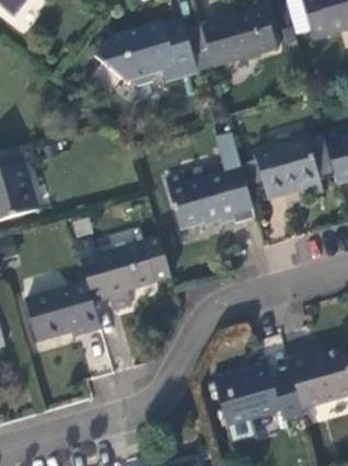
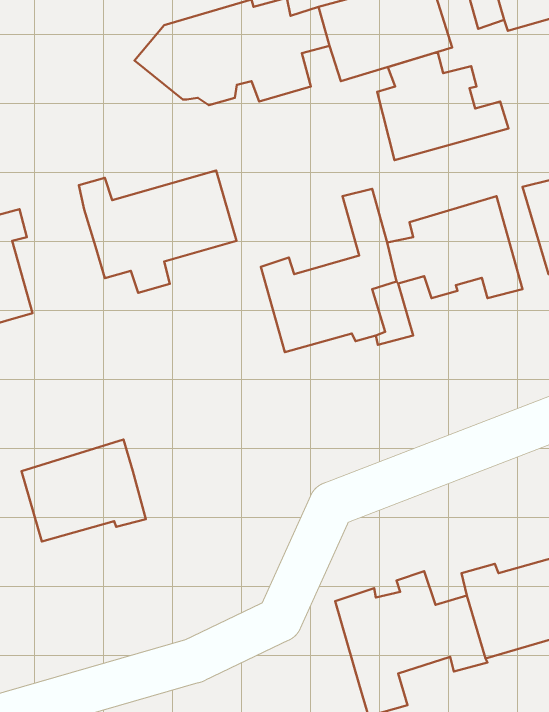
building: none -> [377,53,508,160]
building: [78,235,171,307] -> [79,170,237,293]

